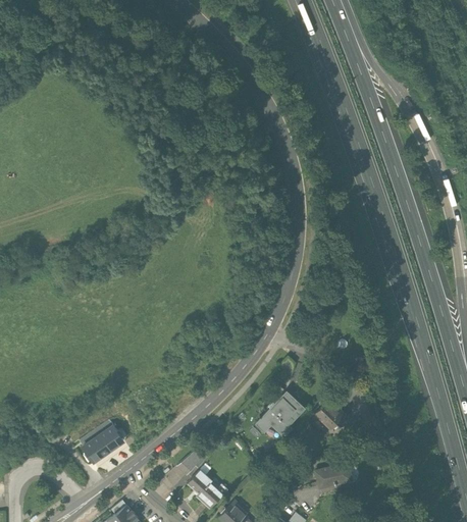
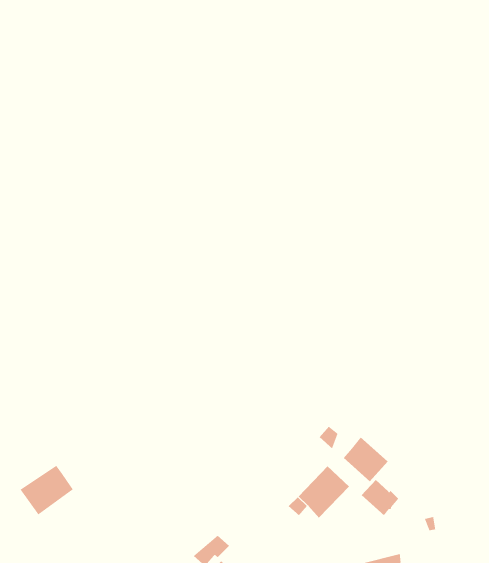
building: none -> [343,436,388,482]
building: [79,420,123,462] -> [19,465,74,516]

